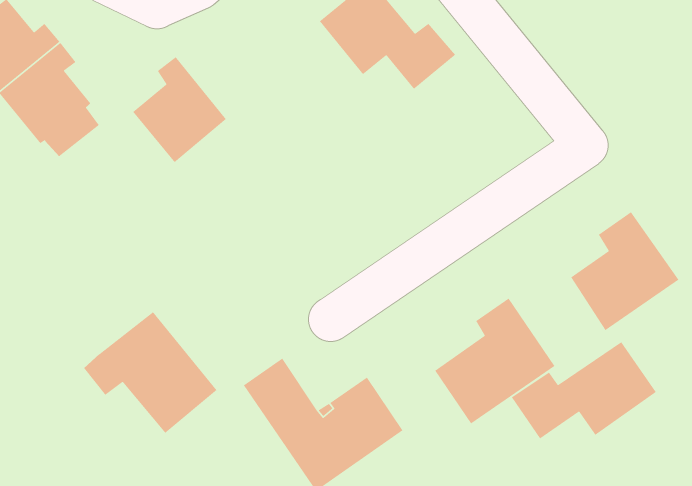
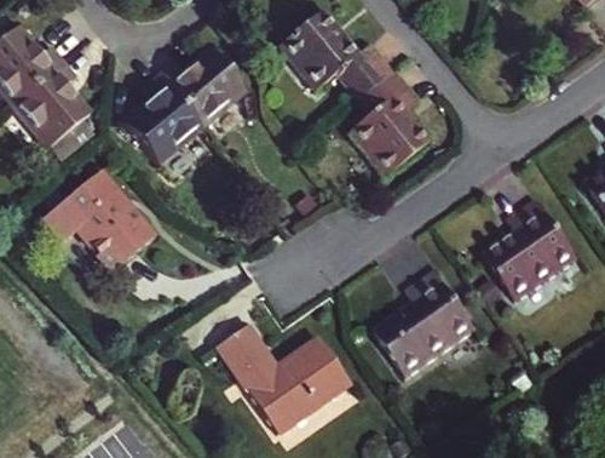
building: none -> [160,47,246,125]
building: none -> [350,71,428,176]
building: [83,311,218,434] -> [44,168,155,270]
building: [511,341,657,440] -> none

